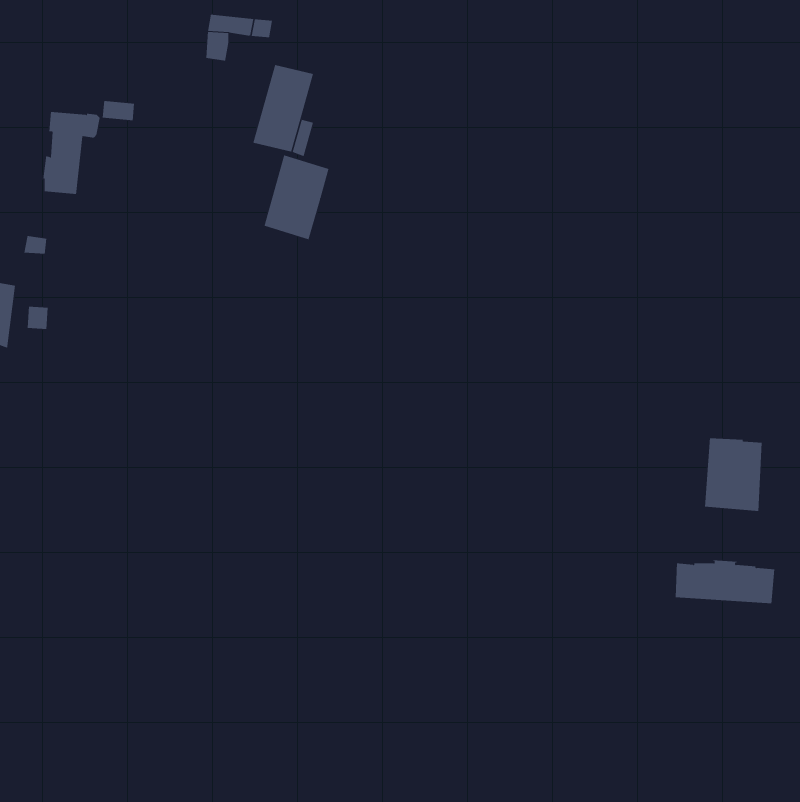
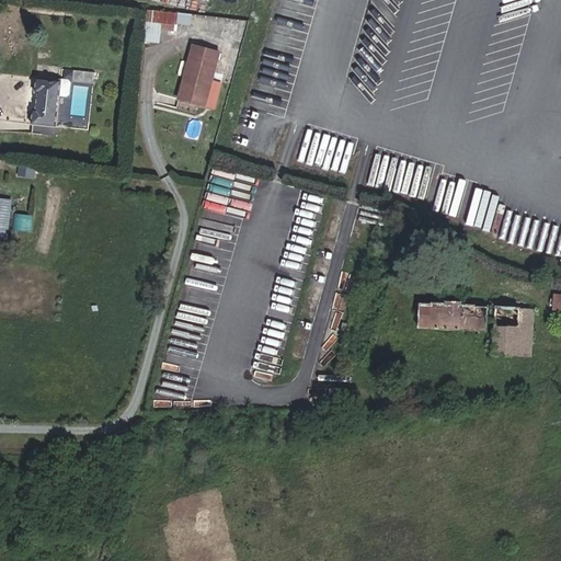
building: [264,154,329,240] -> none
building: [675,560,775,604] -> [417,300,488,331]

